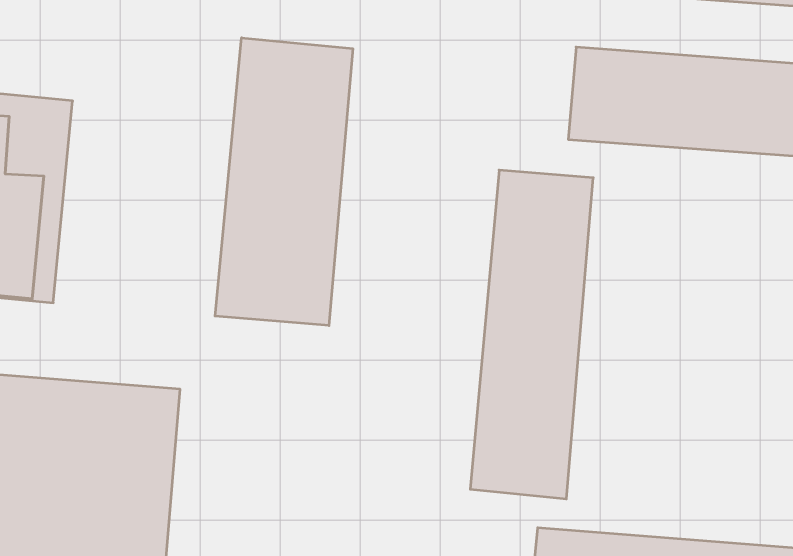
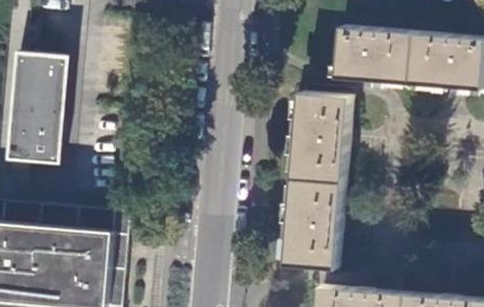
building: [215,38,353,326] -> none

